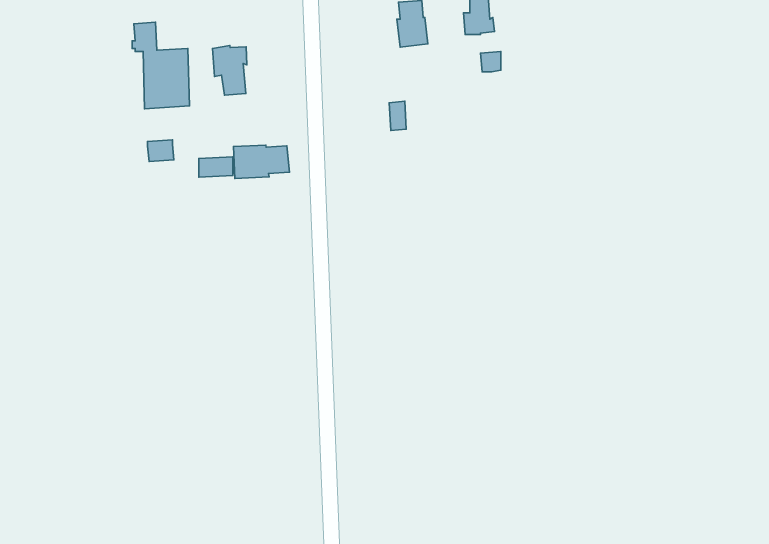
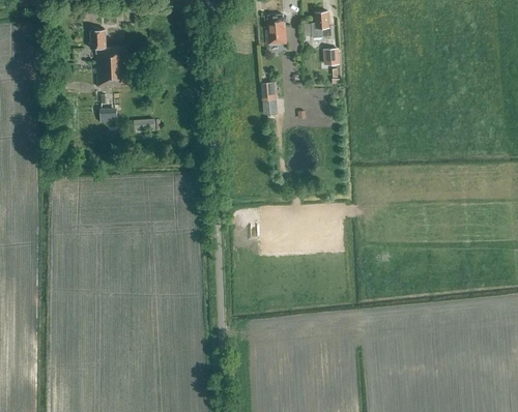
building: [212,45,247,95] -> none
building: [233,145,289,178] -> none

